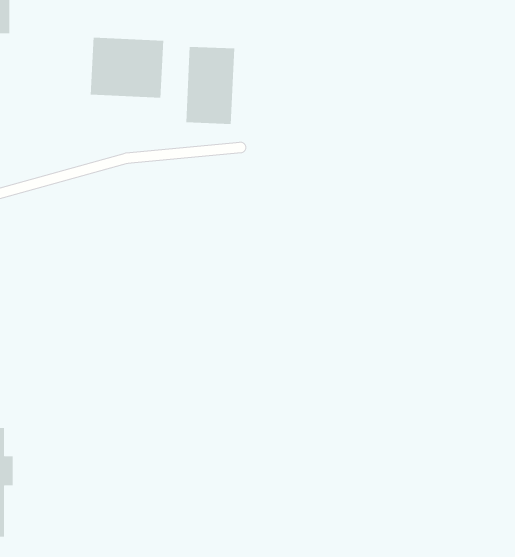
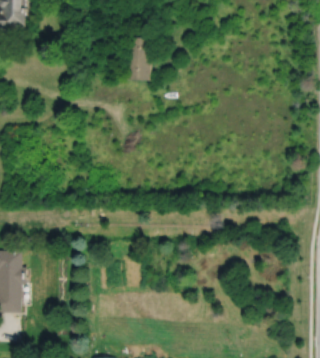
building: [90,37,164,99] -> none

